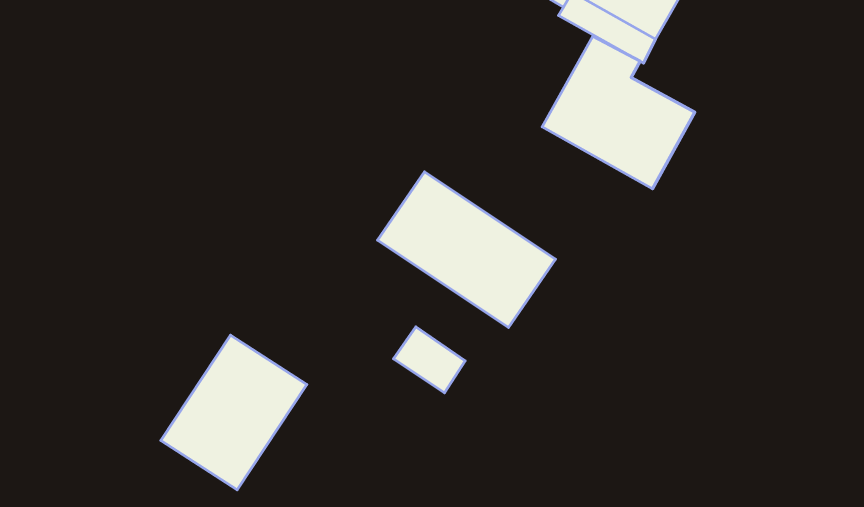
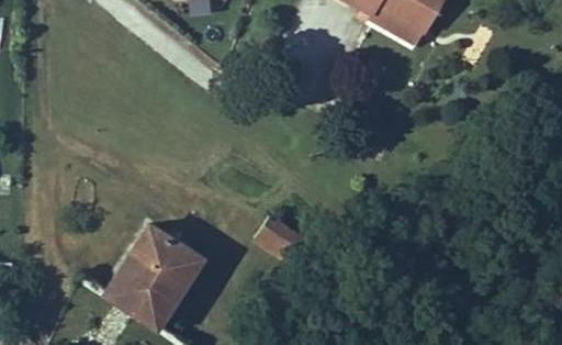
building: [542,36,695,189] -> none
building: [378,172,556,327] -> none

